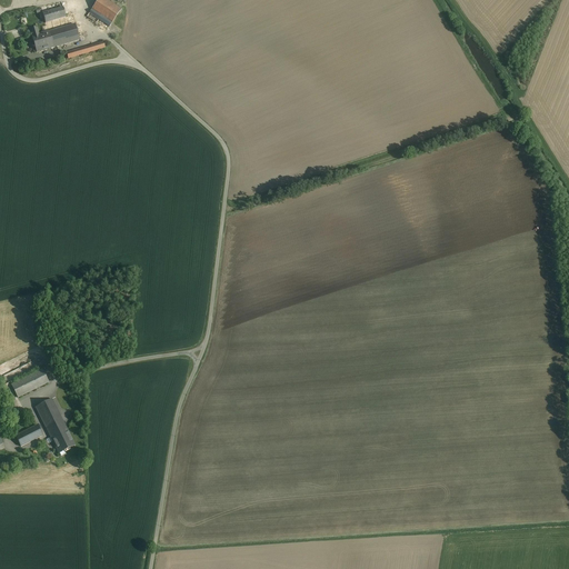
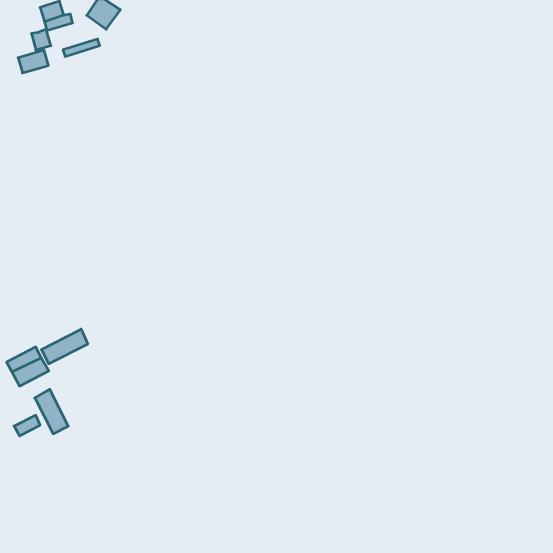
building: [49,23,80,47] -> [18,50,48,73]
building: none -> [41,329,88,364]

